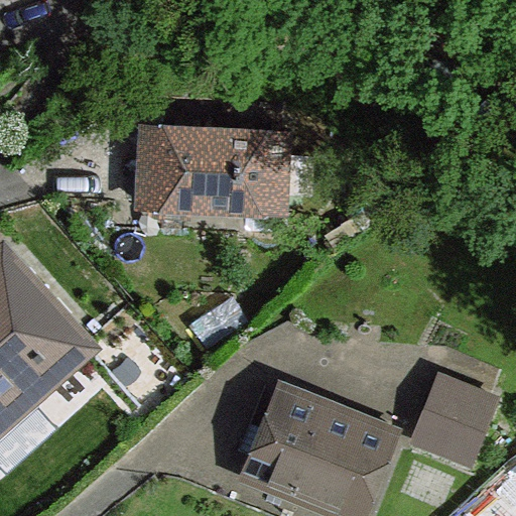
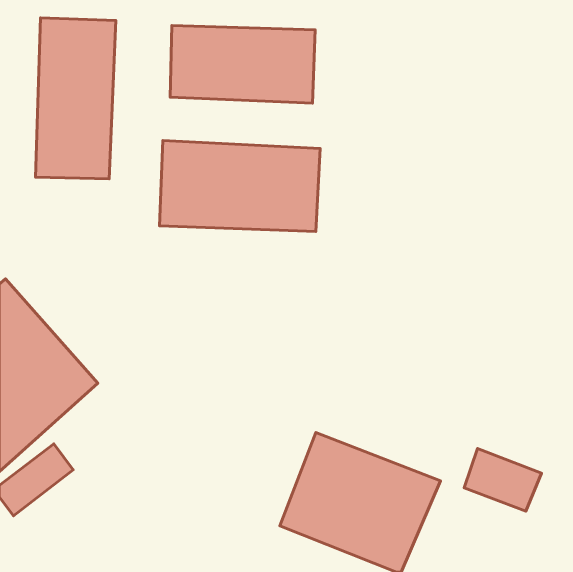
building: none -> [36,18,116,179]
building: none -> [170,25,315,103]

